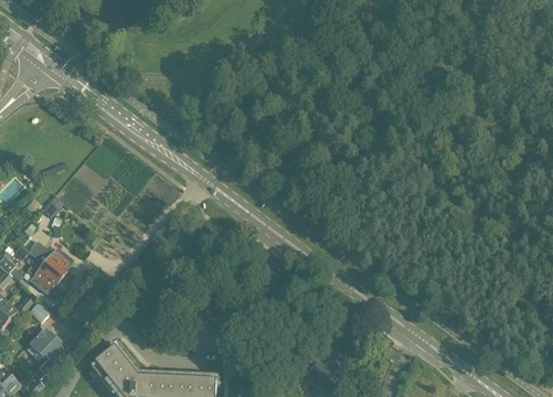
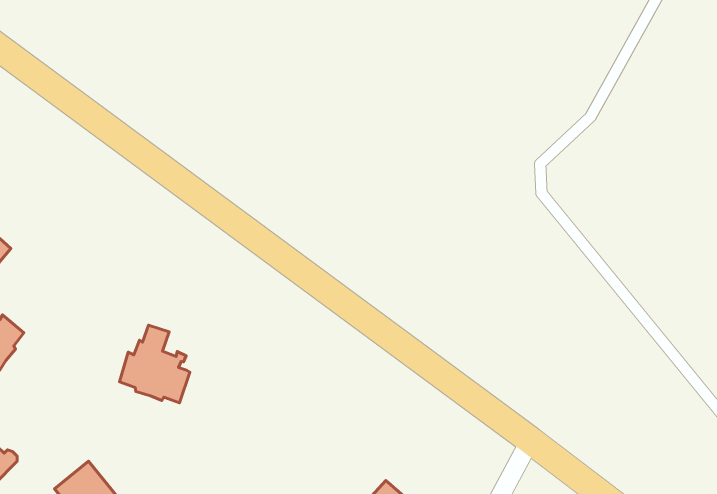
building: none -> [119,325,190,403]

